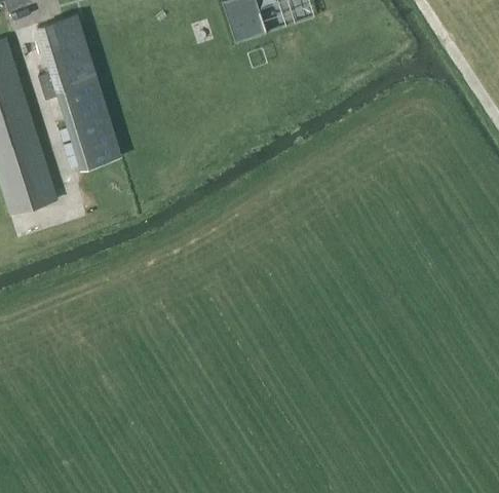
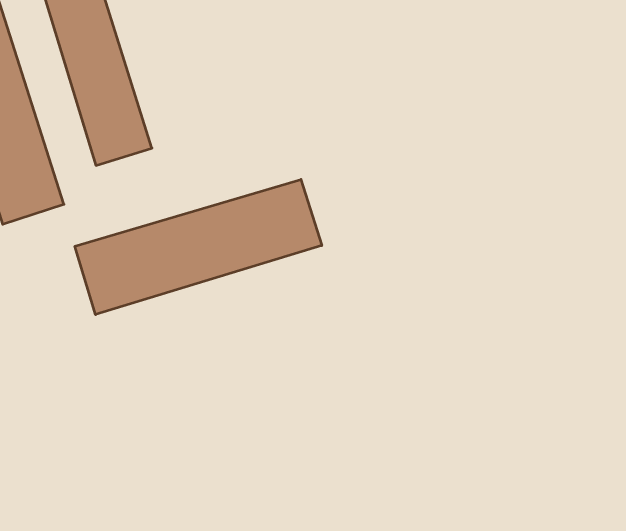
building: none -> [75,179,322,315]

